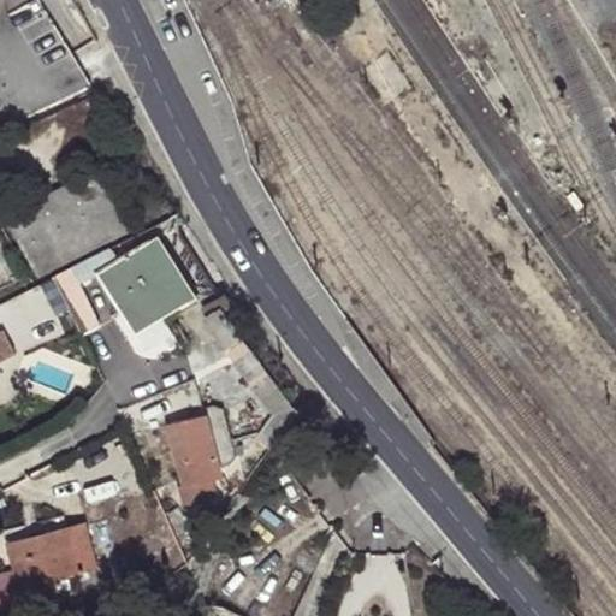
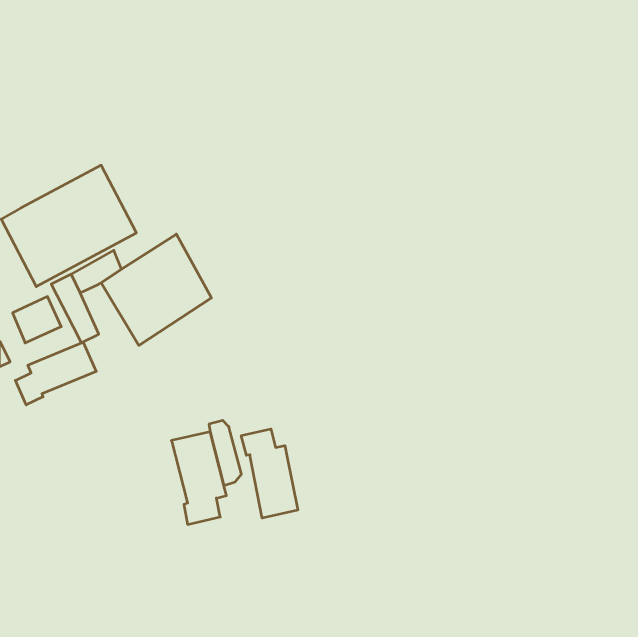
building: none -> [15,342,96,405]
building: none -> [241,429,298,518]
building: [5,527,95,608] -> none

